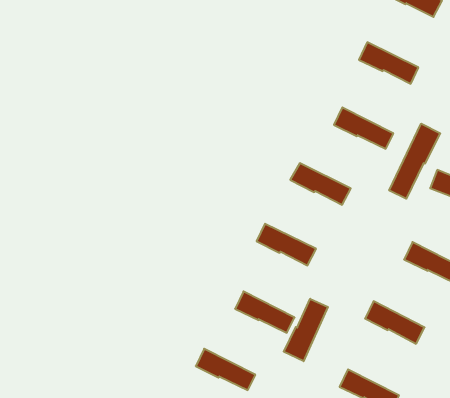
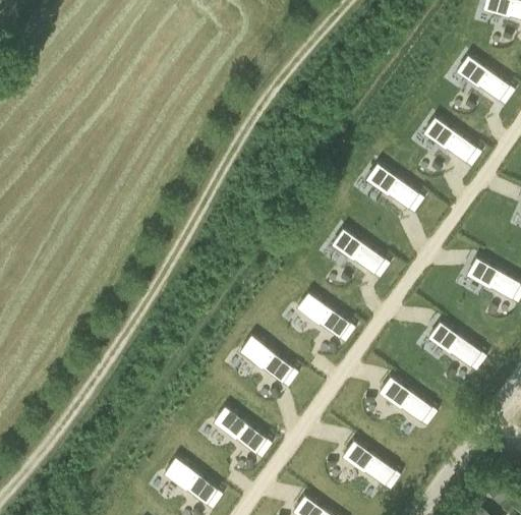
building: [389,124,440,199] -> none
building: [284,299,328,361] -> none

